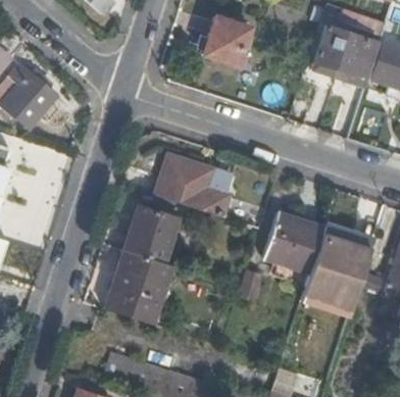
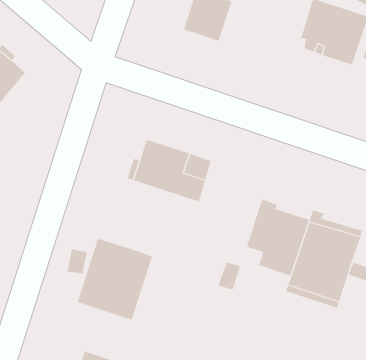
building: [123,206,177,261] -> none

